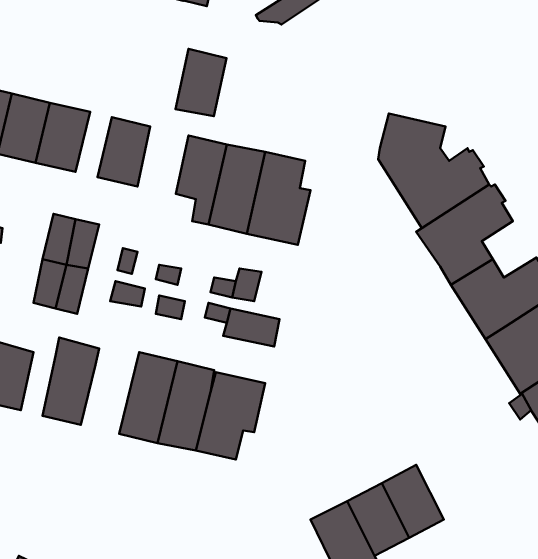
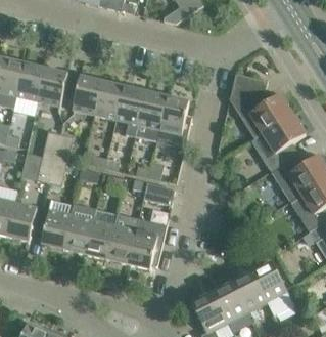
building: [176,49,227,116] -> [94,80,123,118]
building: none -> [62,203,95,253]
building: none -> [250,260,293,313]

